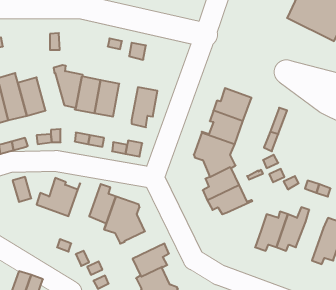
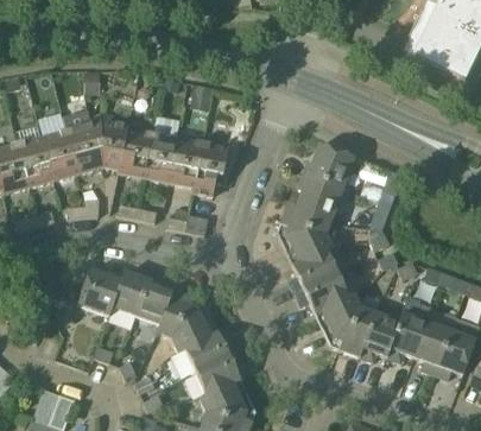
building: none -> [63,110,103,175]
building: none -> [169,139,202,188]
building: none -> [109,268,152,316]
building: none -> [321,296,374,357]
building: none -> [413,323,450,375]
building: none -> [184,334,238,373]

